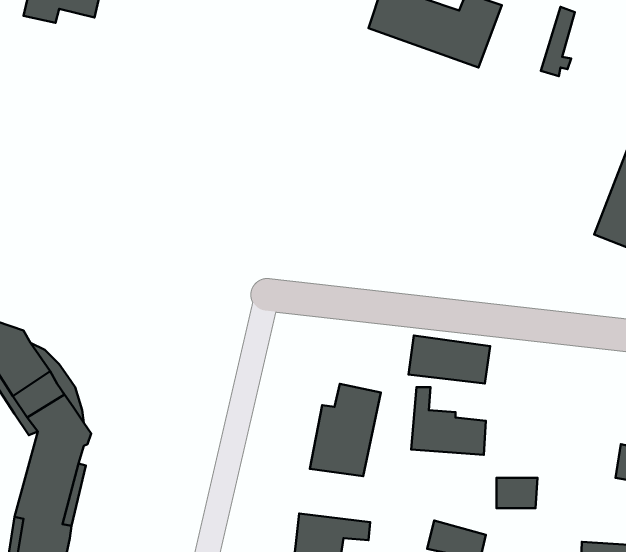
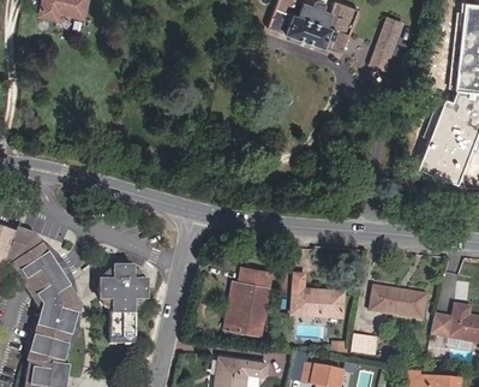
building: [408,336,490,383] -> [370,282,425,315]
building: none -> [96,262,144,334]

